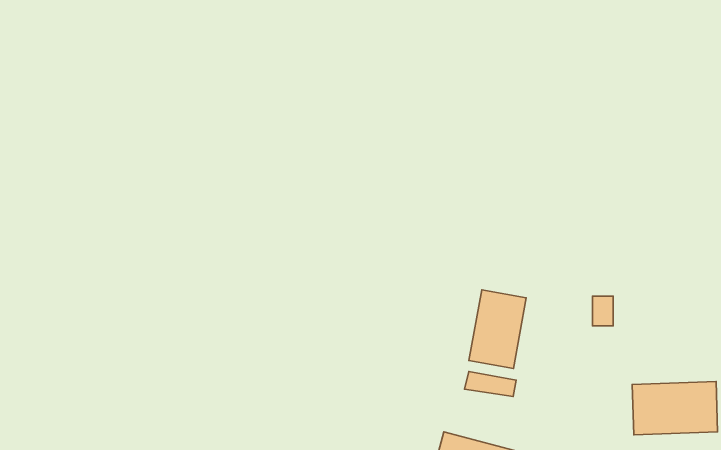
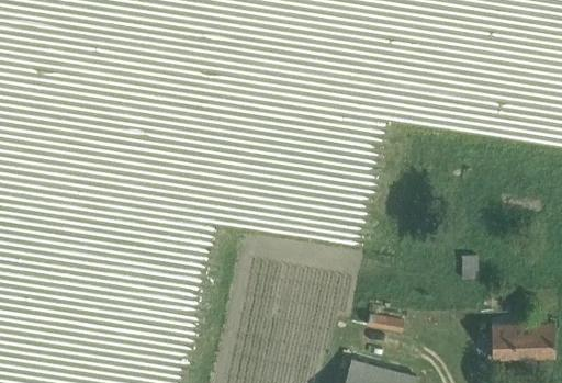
building: [469,290,526,368] -> none

